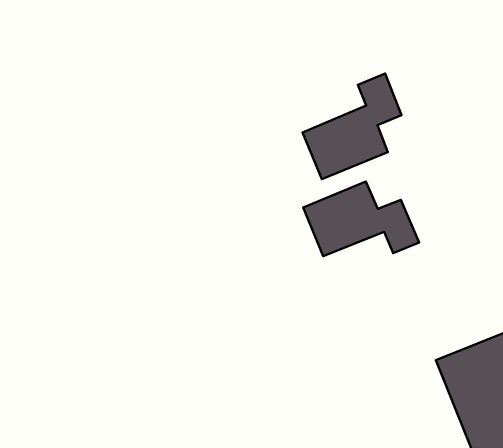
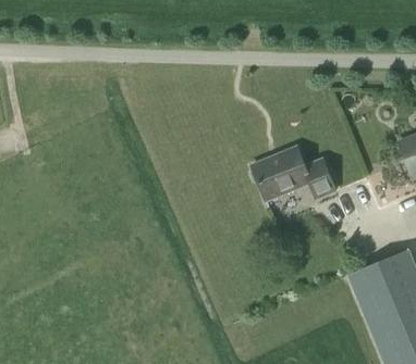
building: [302,74,401,179] -> none

